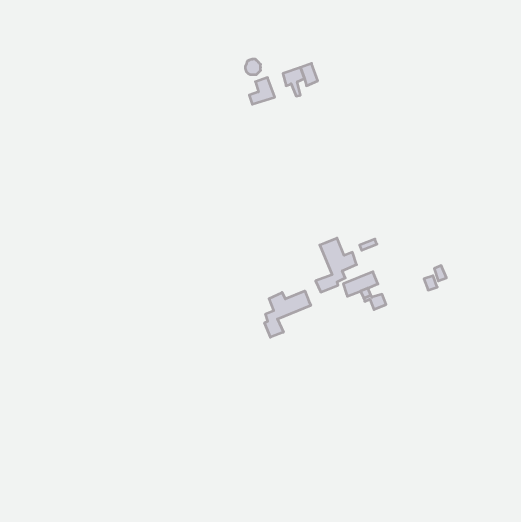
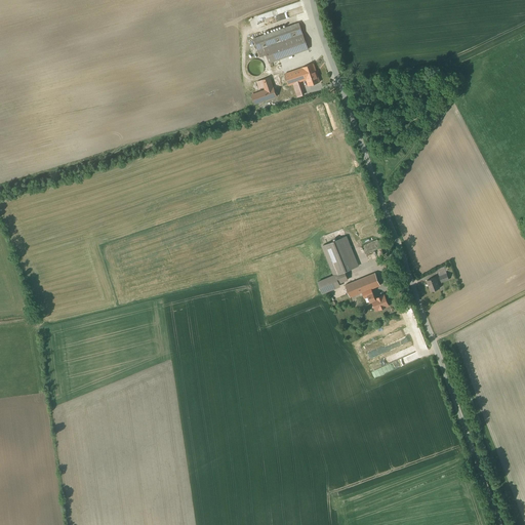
building: none -> [251,22,309,63]
building: [265,291,311,337] -> none

